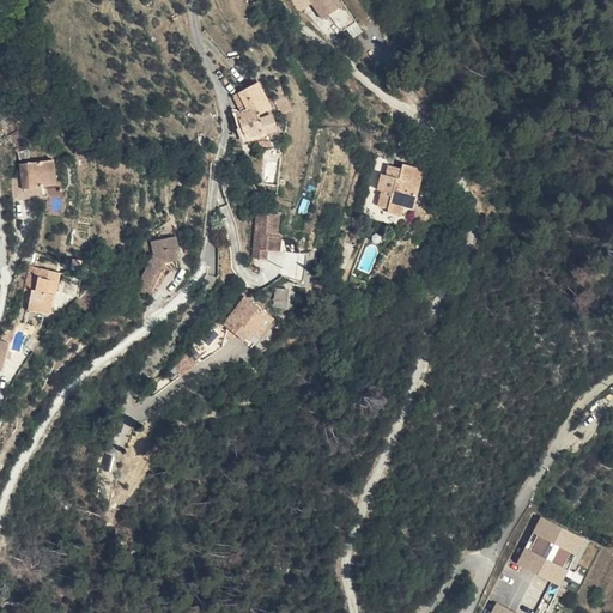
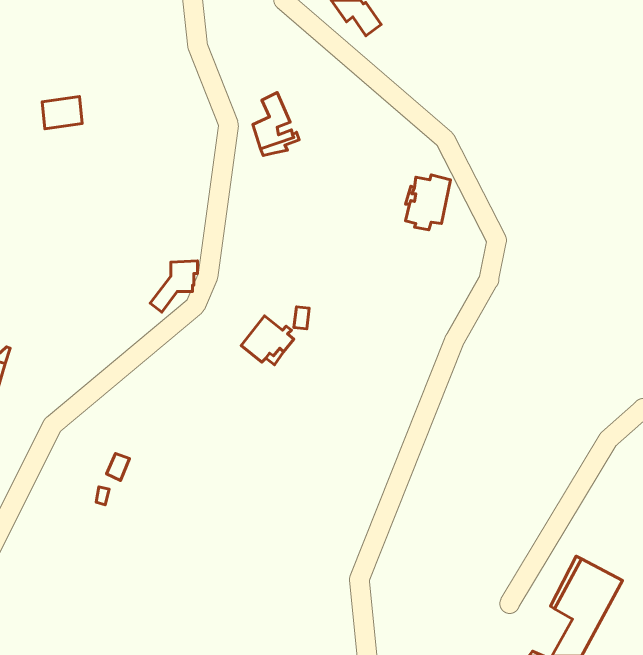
building: [20,158,57,188] -> [42,97,82,129]
building: [250,212,275,259] -> none
building: [22,263,60,314] -> none

